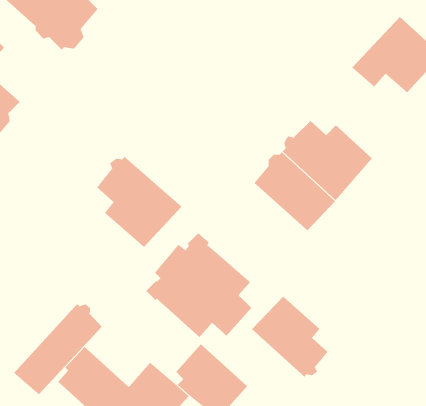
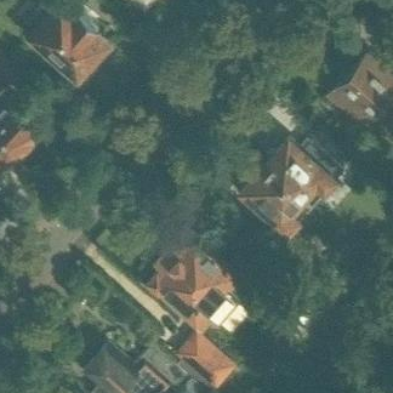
building: [96,156,182,248] -> none
building: [251,296,328,377] -> none
building: [13,303,102,395] -> none

